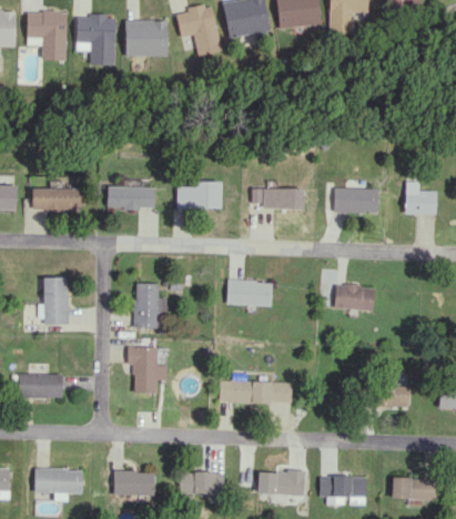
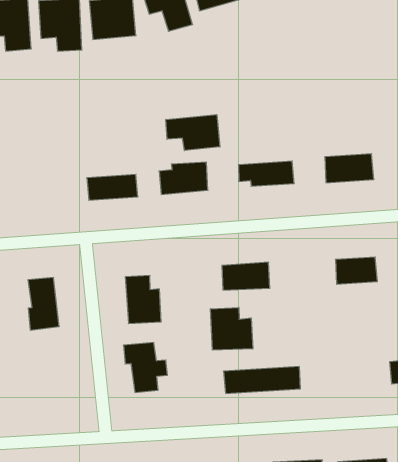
building: none -> [166,115,220,151]
building: [32,189,80,211] -> none
building: none -> [211,307,253,350]
building: [14,374,63,397] -> none

